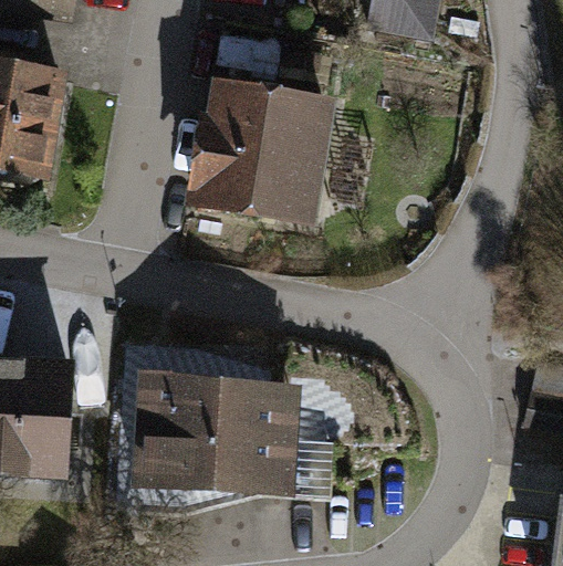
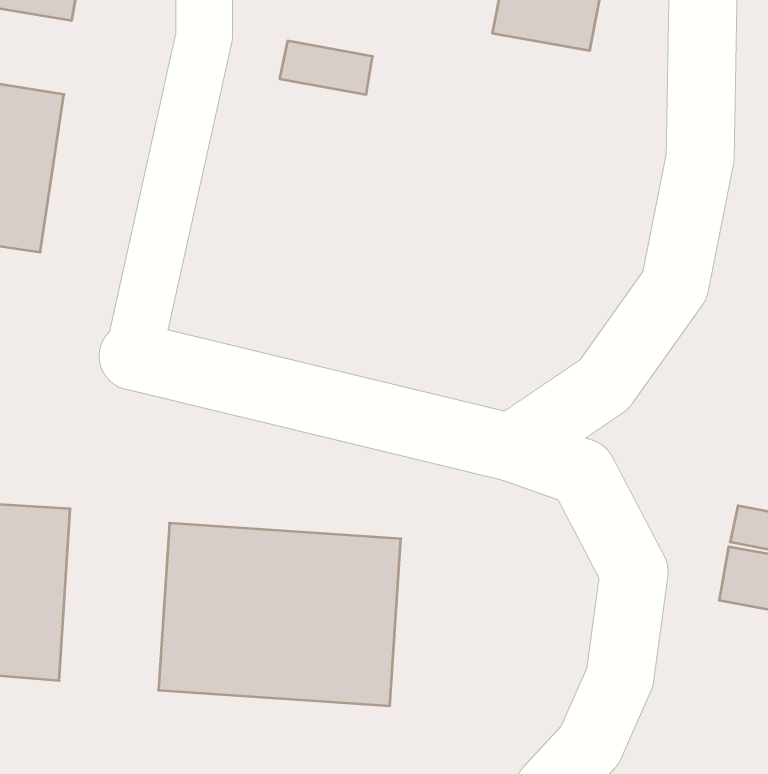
building: [183,75,333,224] -> none

